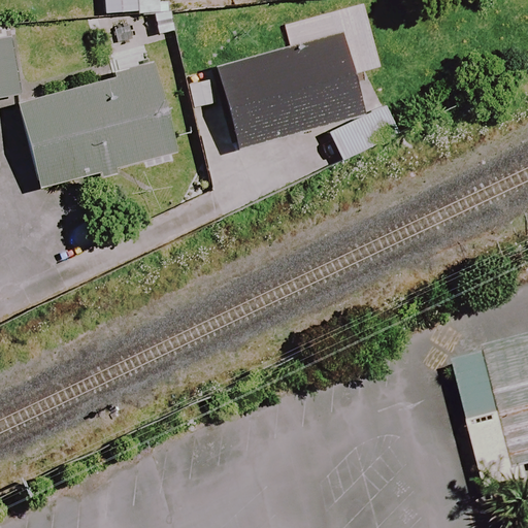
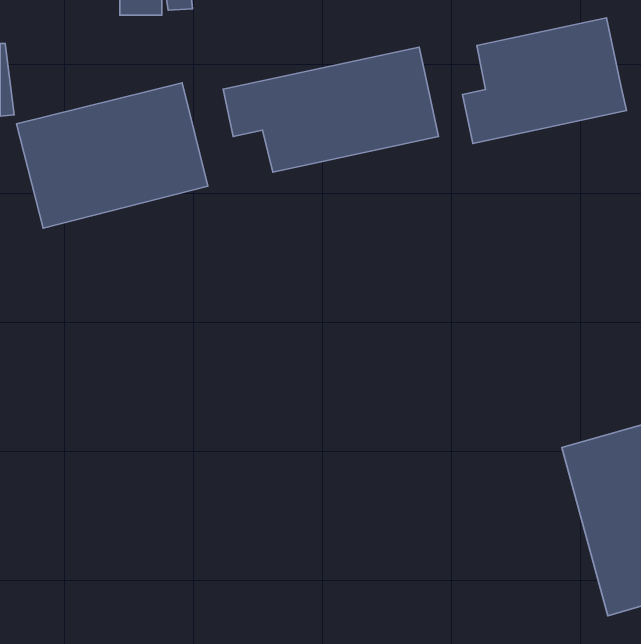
building: none -> [463,18,626,143]

